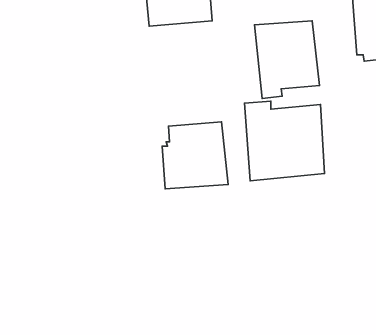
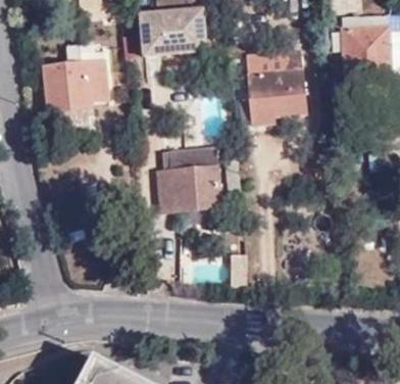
building: none -> [44,40,106,112]
building: [244,101,325,181] -> none

